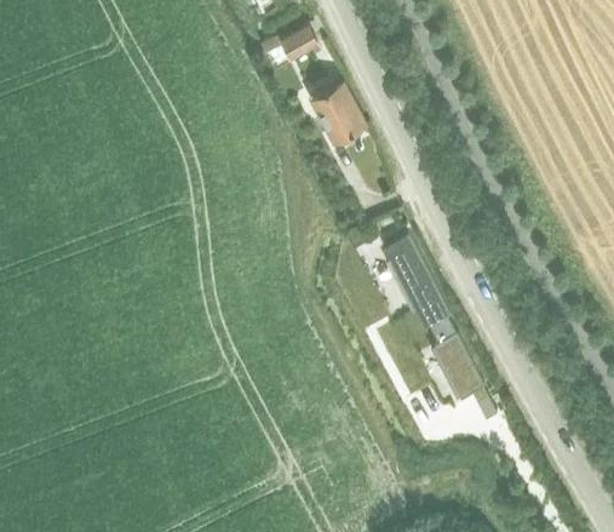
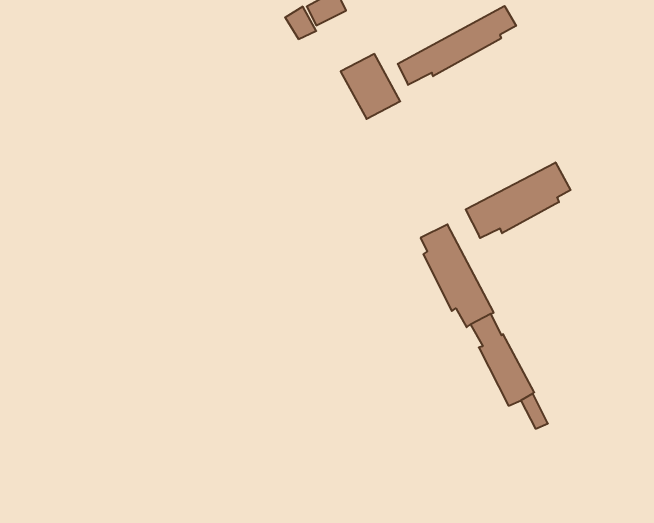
building: none -> [398,6,516,85]
building: none -> [466,162,571,238]

